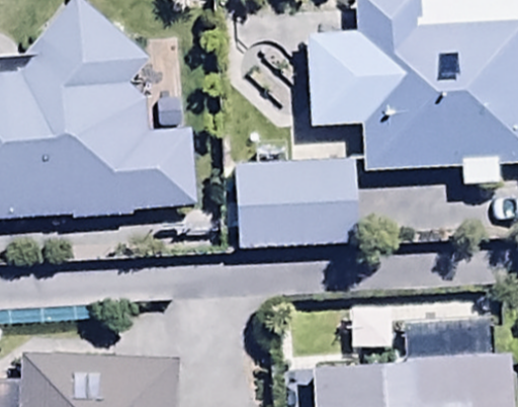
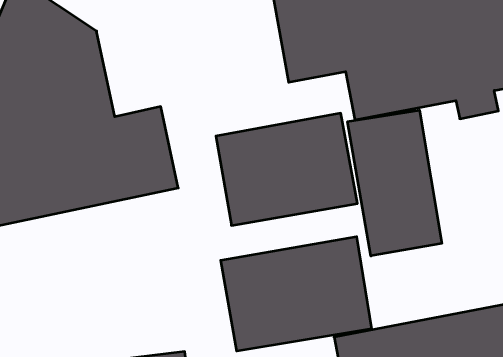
building: none -> [348,110,442,256]
building: none -> [221,237,372,351]

